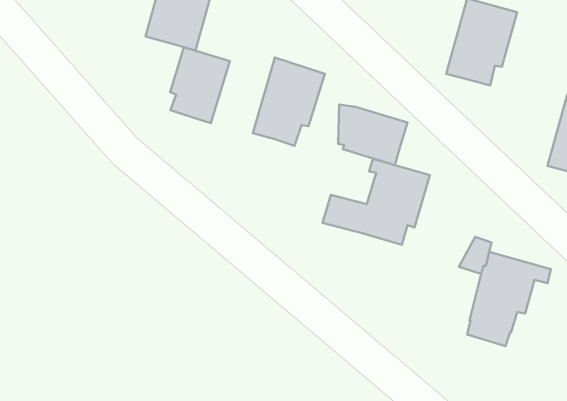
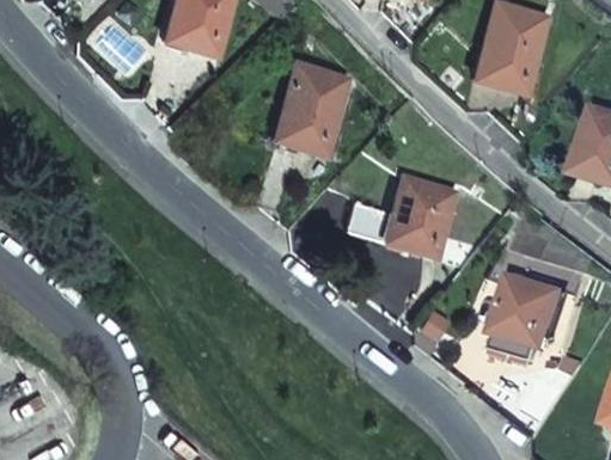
building: [170,47,230,123] -> none
building: [338,104,407,165] -> none

